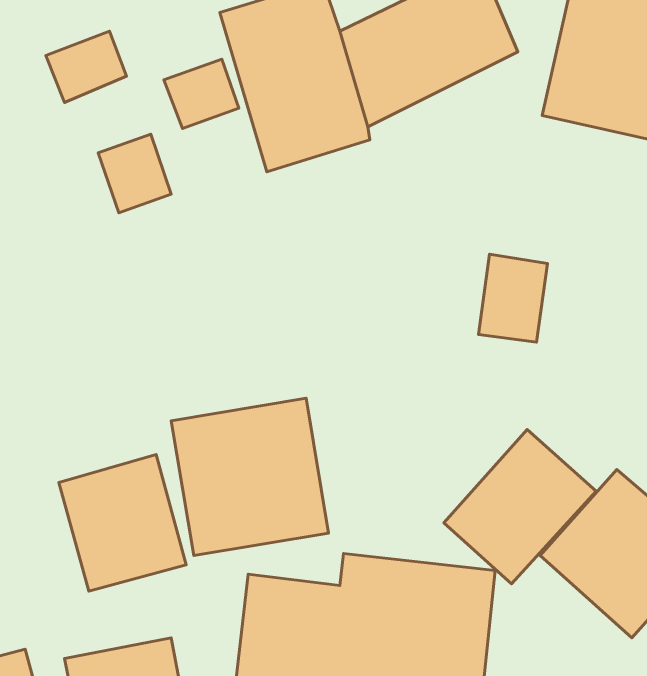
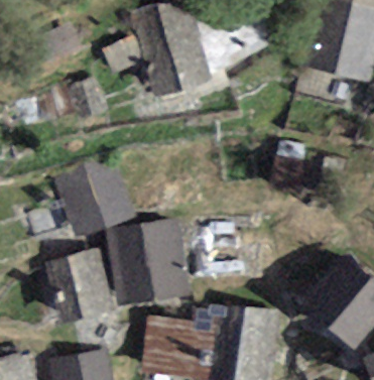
building: none -> [55,158,136,237]
building: [444,429,596,584] -> none

